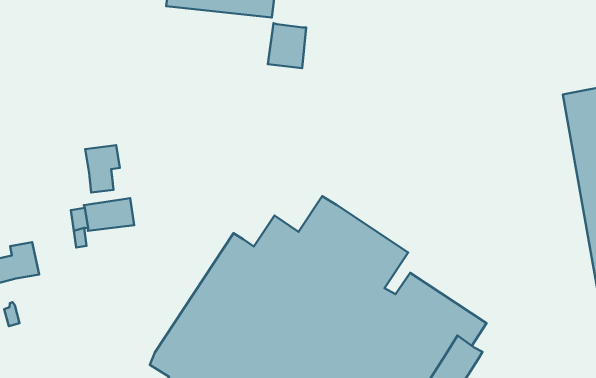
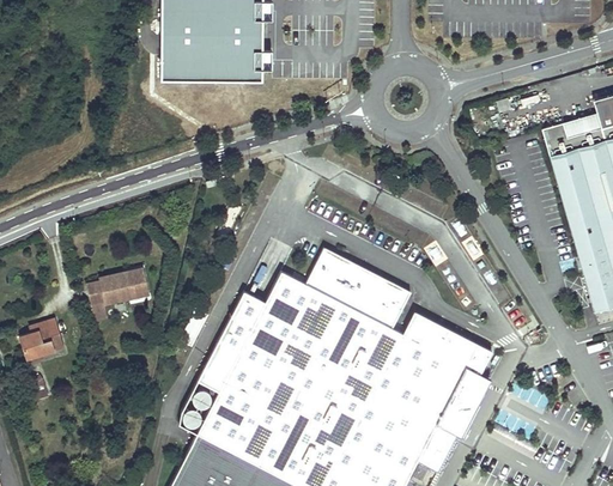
building: [268,23,306,68] -> none
building: [85,145,120,192] -> none

